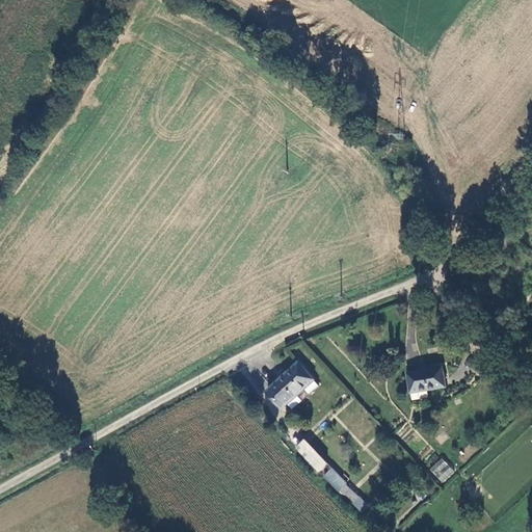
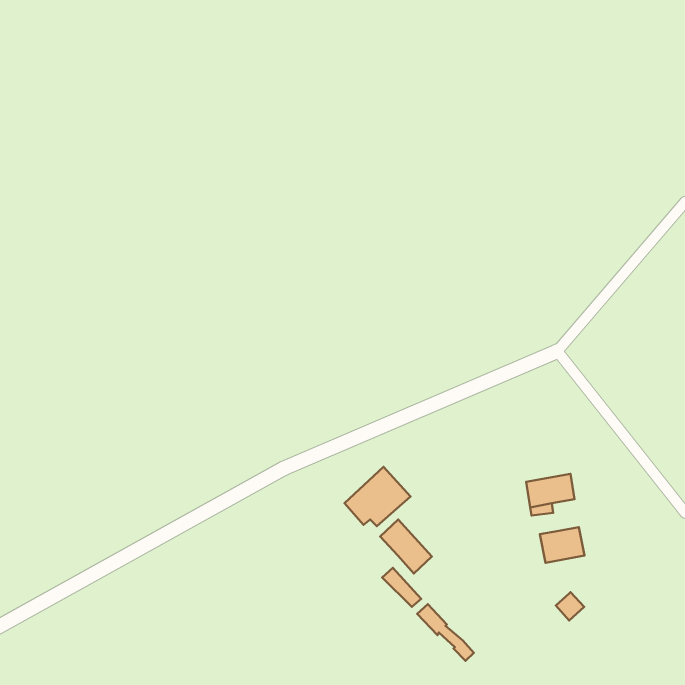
building: none -> [380,519,432,574]
building: none -> [540,527,584,563]

